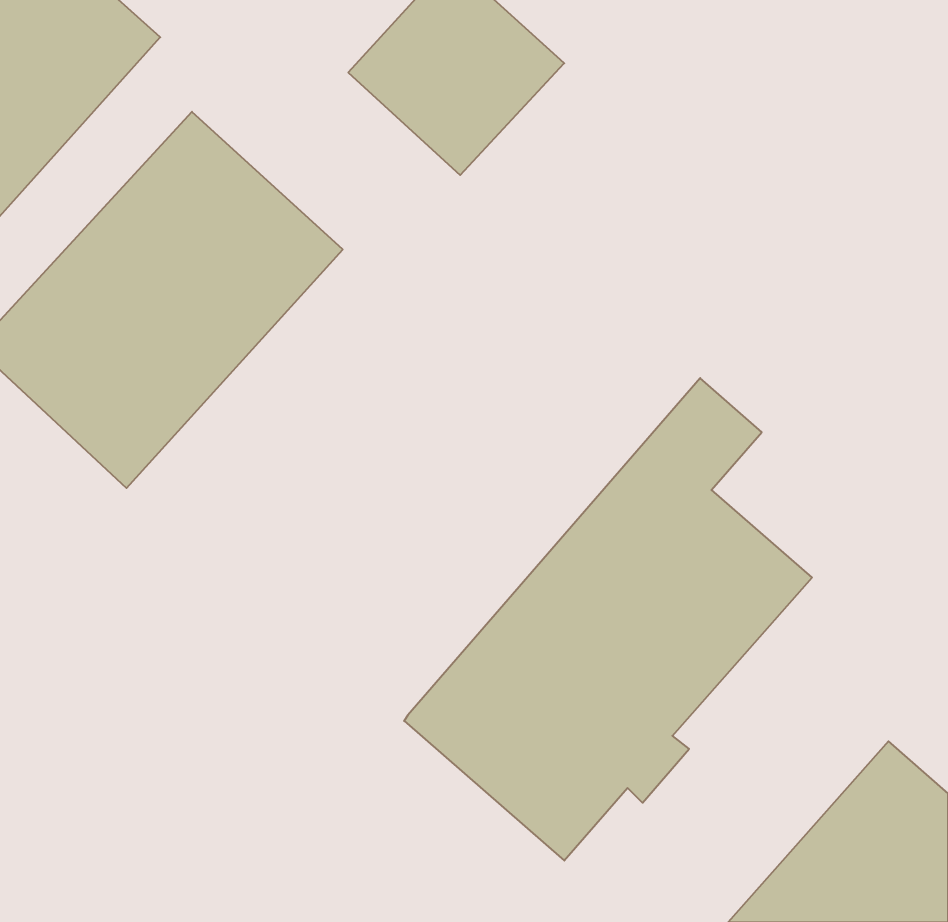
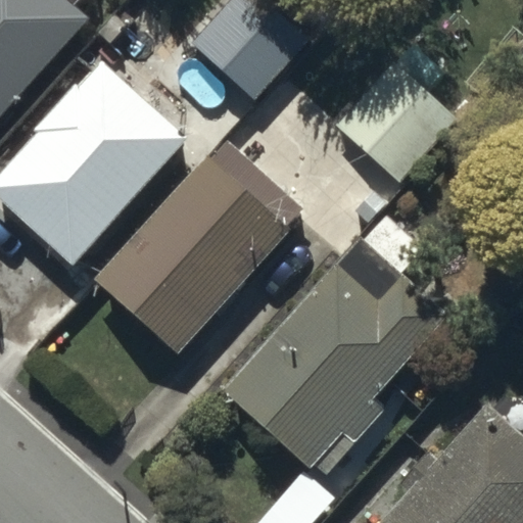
building: none -> [333,55,459,181]
building: none -> [94,139,303,355]

